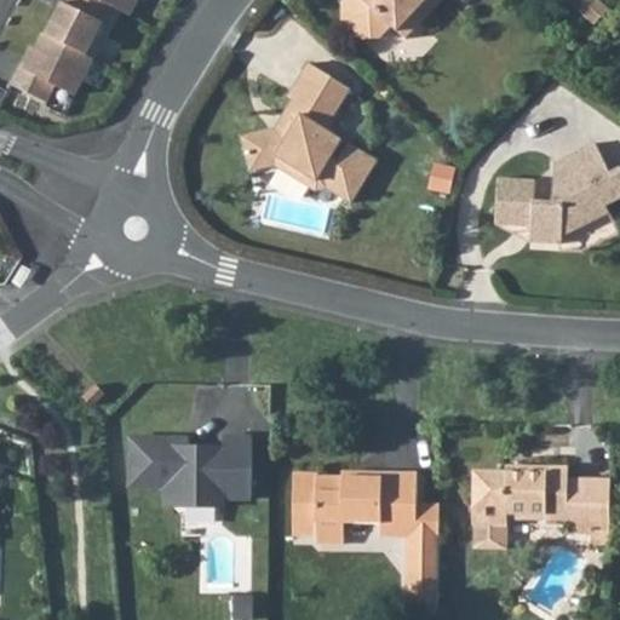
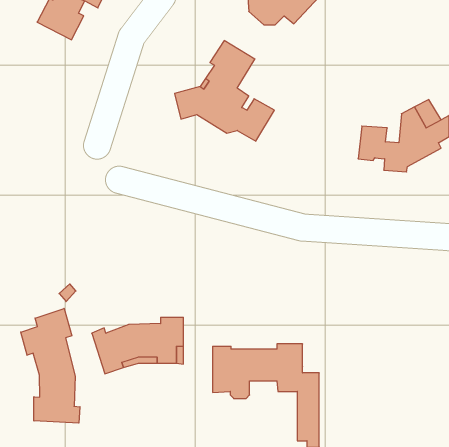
building: [16,29,98,98] -> none
building: none -> [21,308,80,423]
building: [472,469,609,550] -> none

